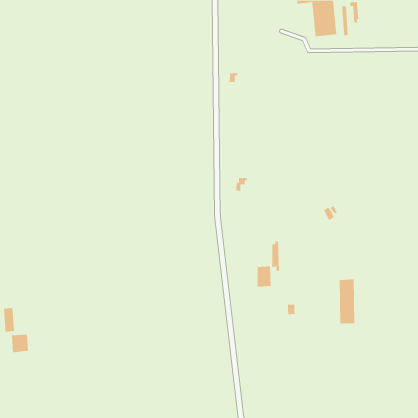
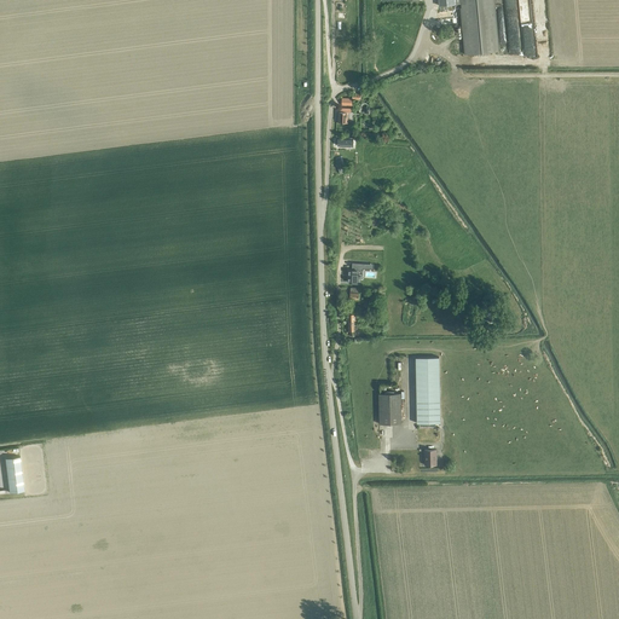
building: [339,279,355,324] -> [416,357,440,423]
building: [12,334,28,353] -> none

